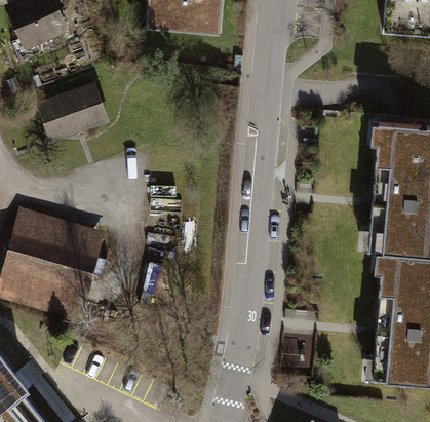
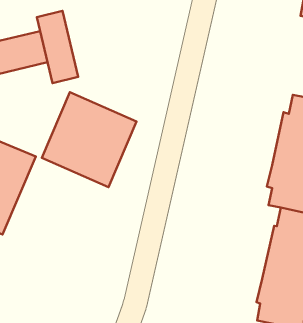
building: none -> [37,11,78,83]
building: none -> [42,92,137,187]

